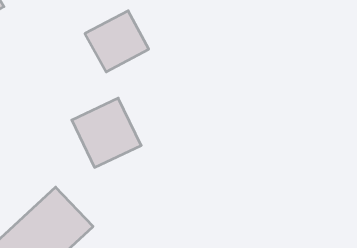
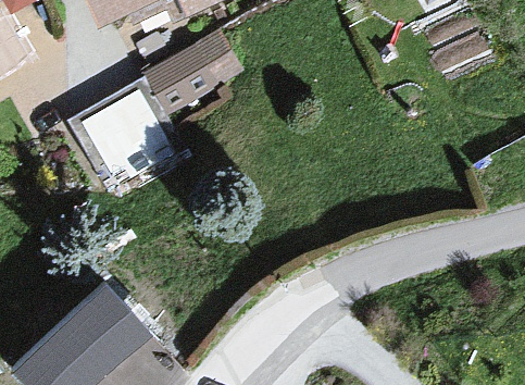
building: [72,98,141,167] -> [78,73,171,165]

